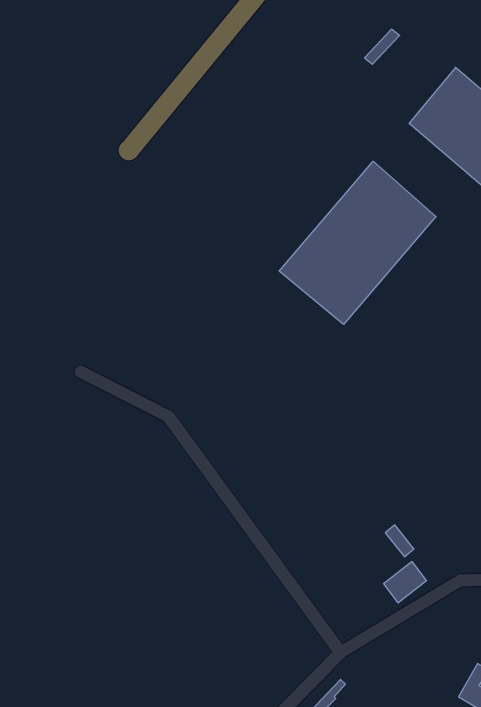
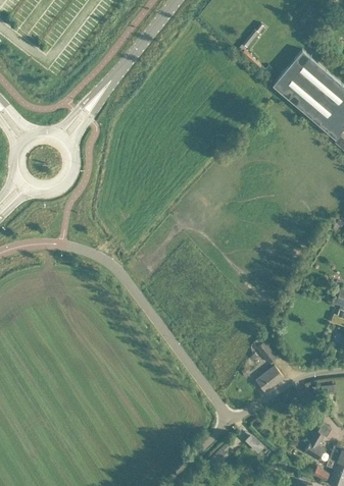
building: [279,161,436,324] -> none

